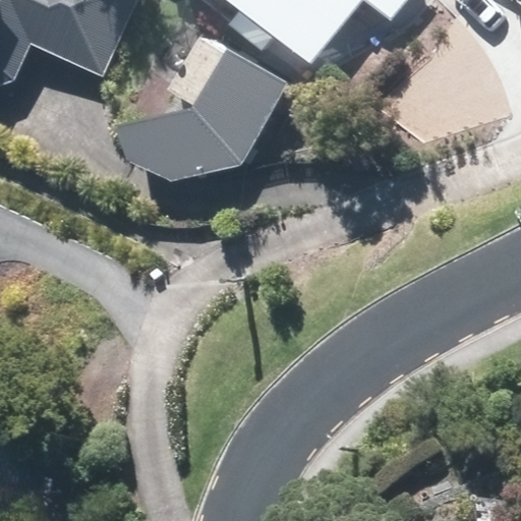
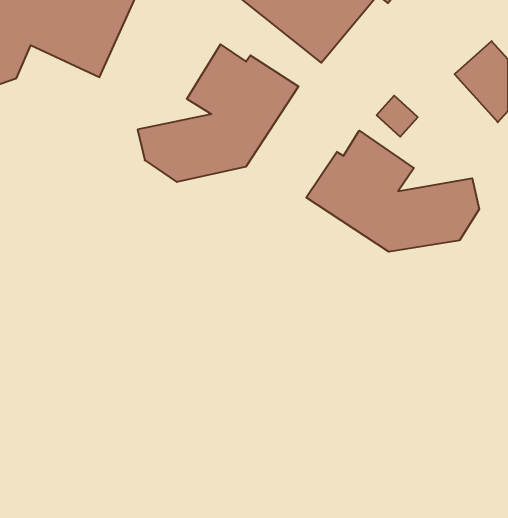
building: none -> [306,131,479,252]

